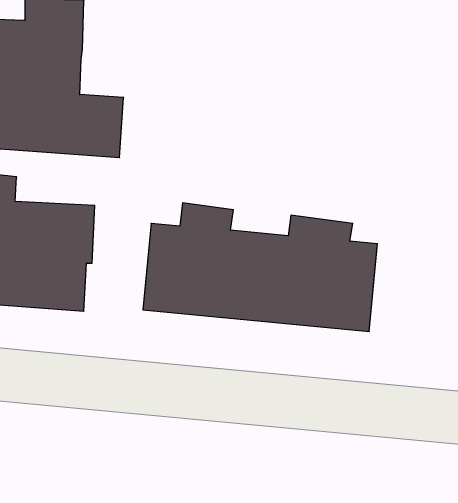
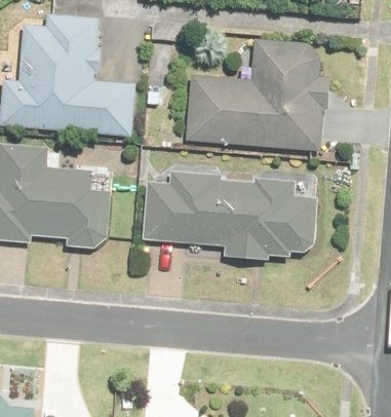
building: none -> [175,46,312,152]

